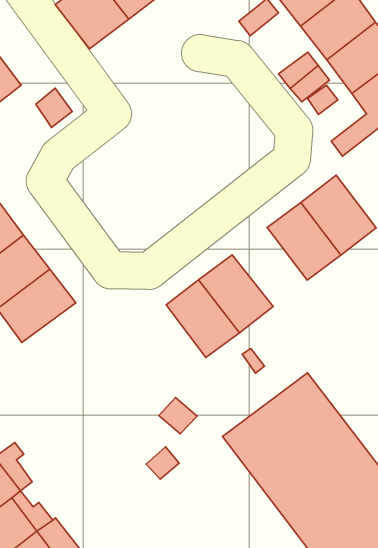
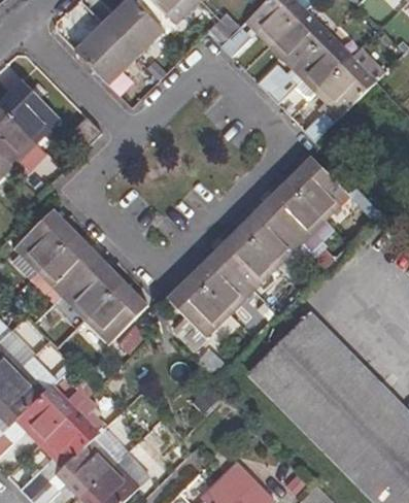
building: none -> [239,203,300,264]
building: none -> [84,280,146,341]
building: none -> [168,273,229,334]

